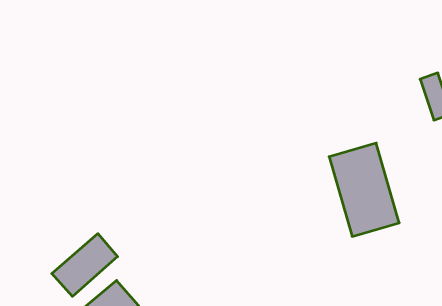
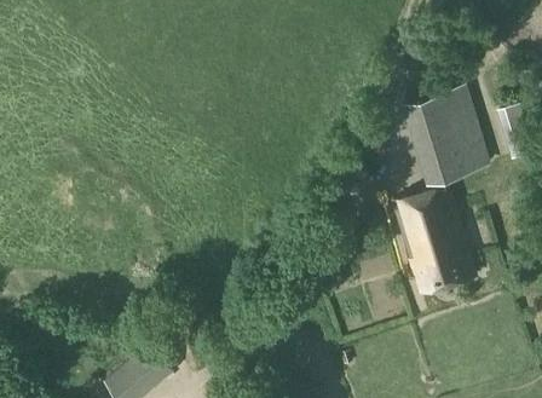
building: none -> [404,86,484,181]
building: [52,234,118,296] -> none

